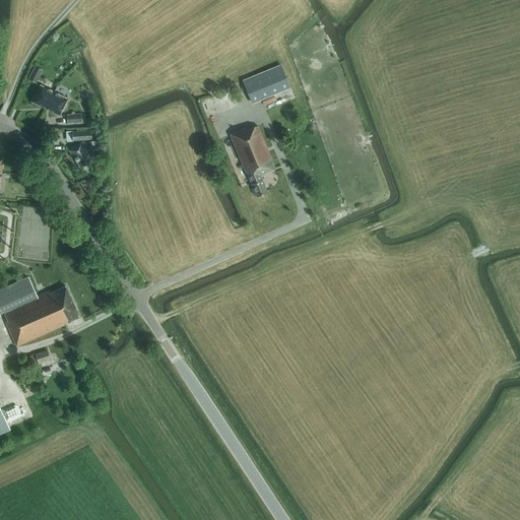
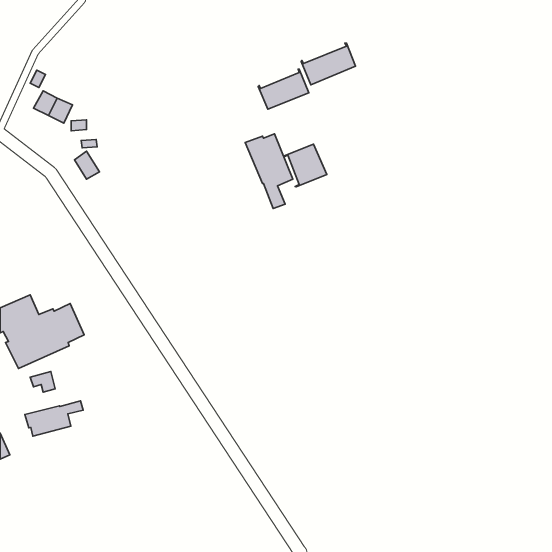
building: none -> [301,43,356,85]
building: none -> [284,144,327,187]
building: none -> [25,401,83,436]

